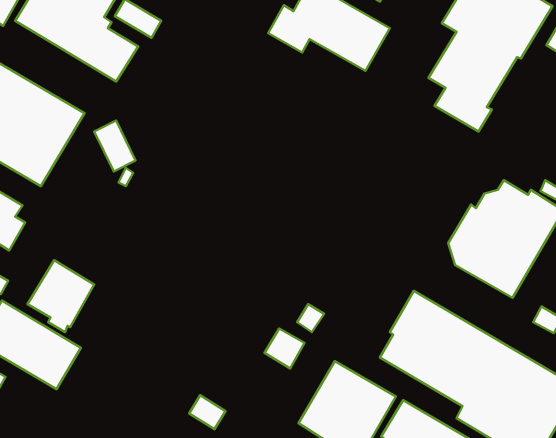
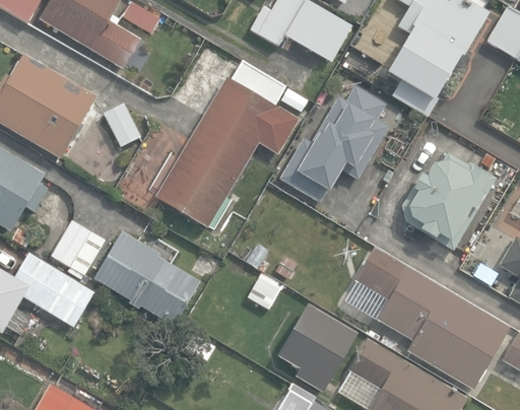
building: none -> [150,57,298,227]
building: none -> [279,86,389,204]
building: none -> [95,232,200,326]

